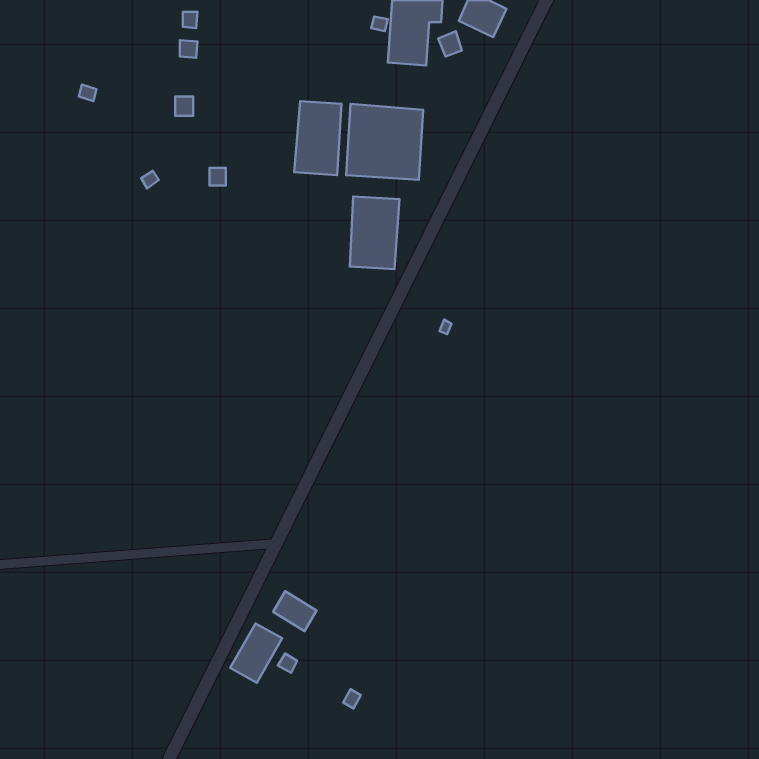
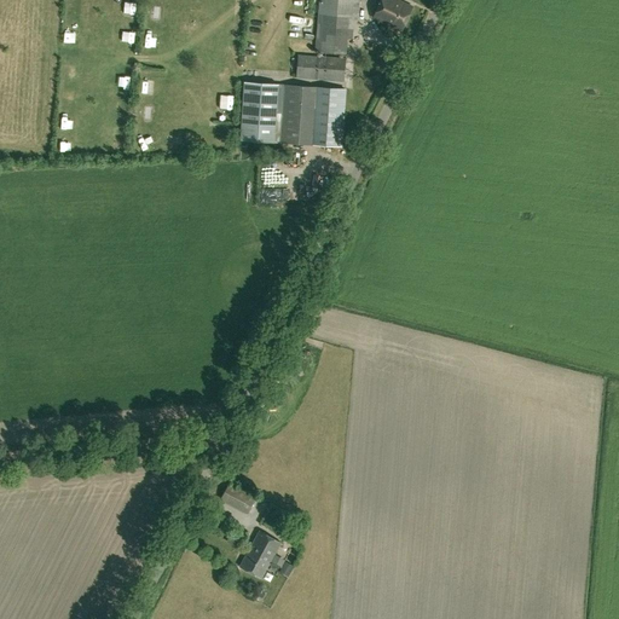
building: none -> [297,56,346,81]
building: [350,196,399,269] -> none
building: [230,623,282,683] -> [239,531,282,579]

